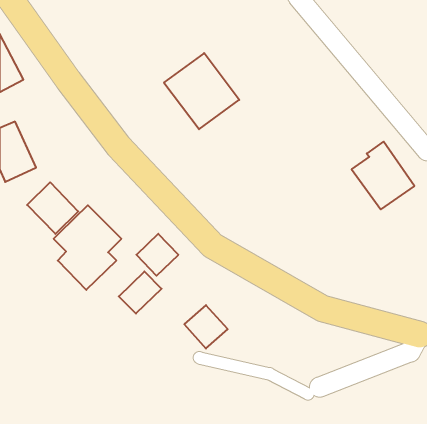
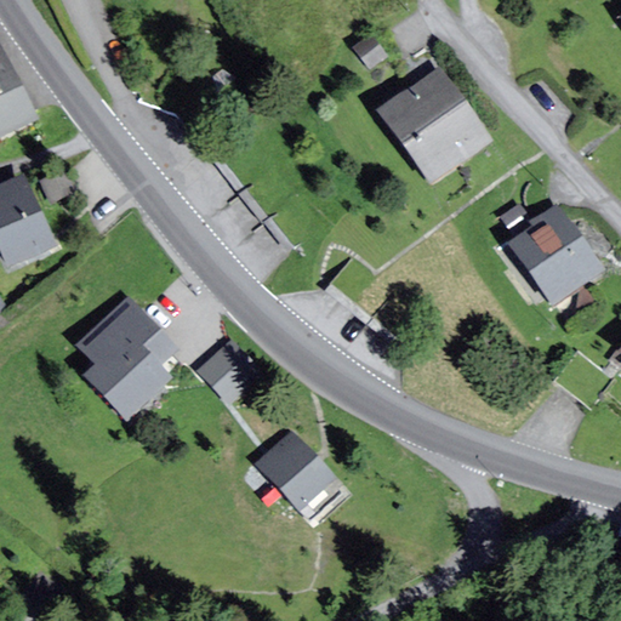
building: [164,53,239,129] -> [380,69,489,180]
building: [27,182,78,234] -> none
building: [119,271,162,314] -> none

